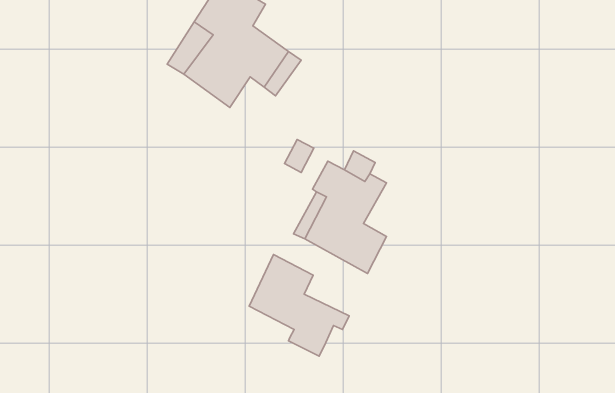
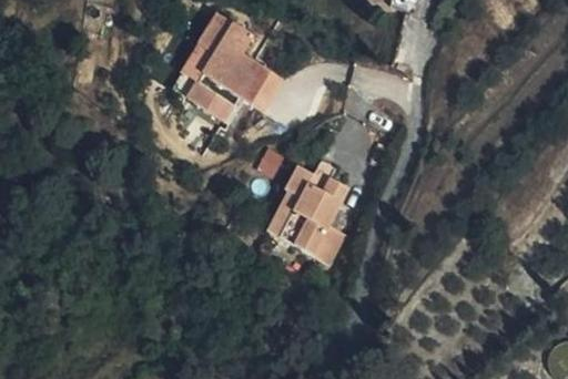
building: [249,255,349,356] -> none

